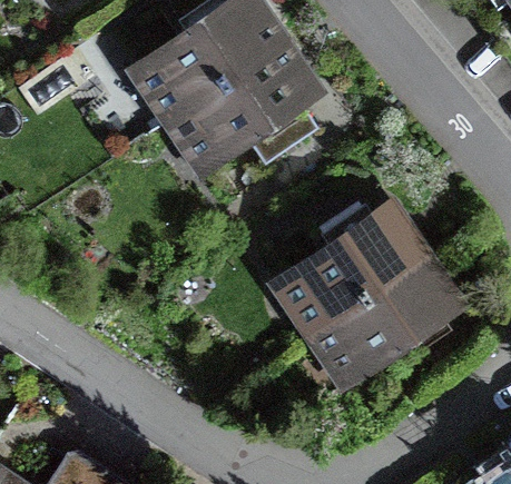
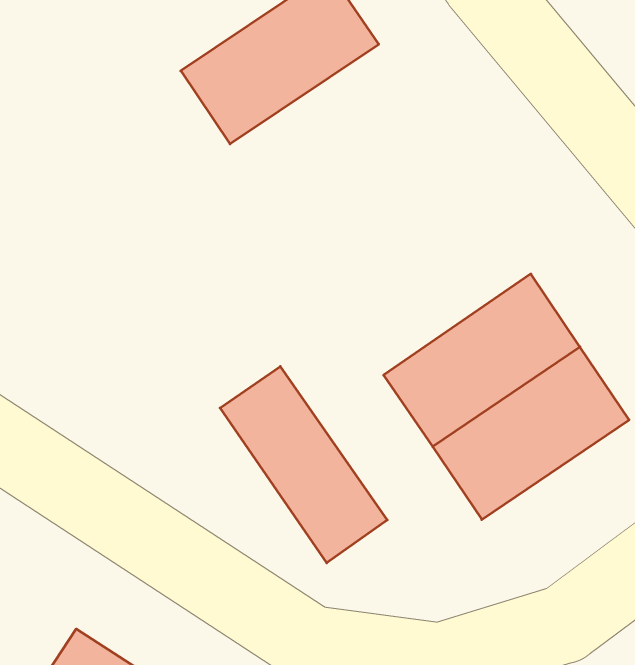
building: [176,43,316,164] -> none
building: none -> [220,366,387,563]

